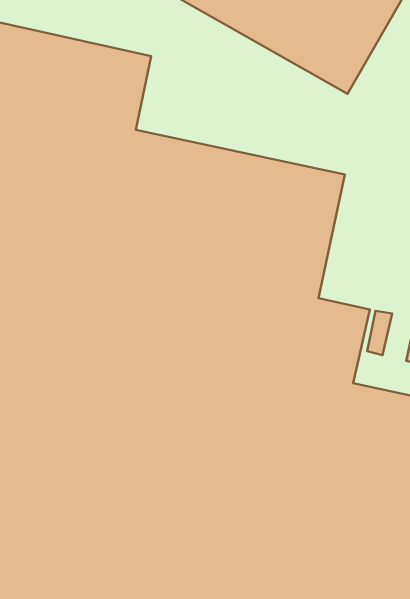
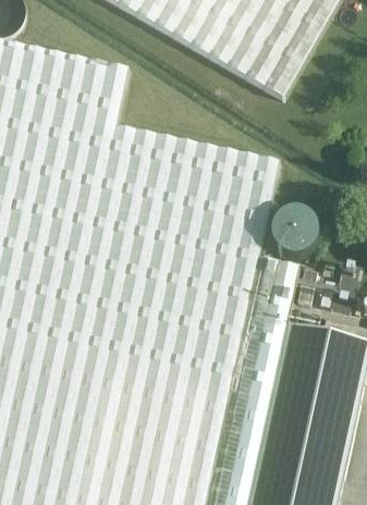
building: none -> [269,211,317,258]

